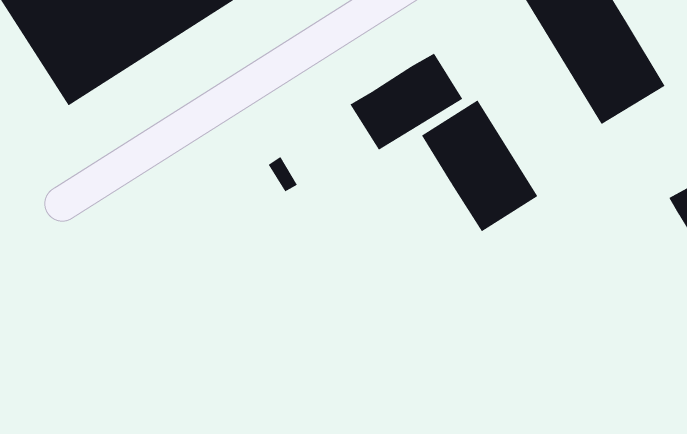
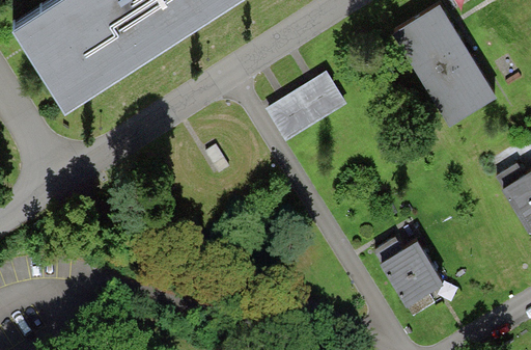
building: [421,100,538,232] -> none
building: none -> [374,241,441,319]

